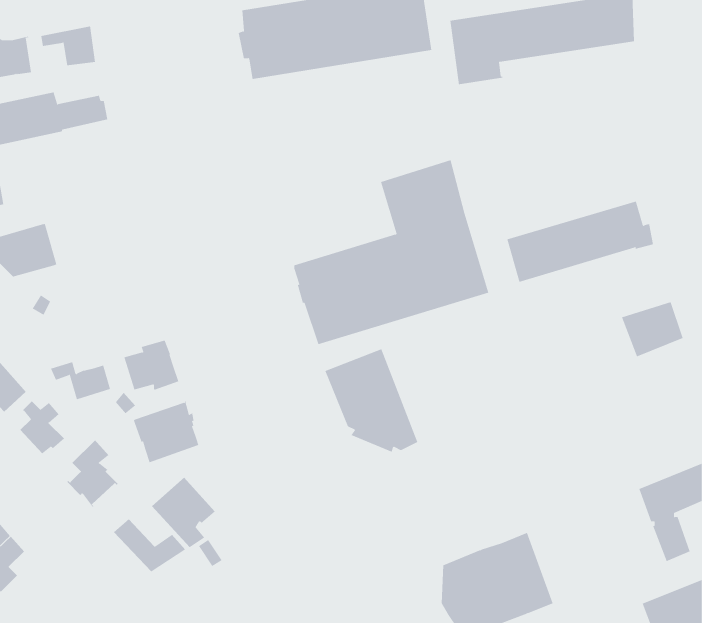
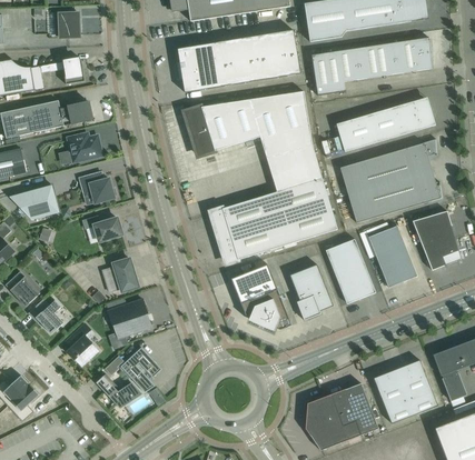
building: none -> [185,91,313,158]
building: none -> [336,99,435,151]
building: none -> [69,133,101,159]
building: none -> [340,138,437,194]
building: none -> [80,172,116,202]
building: none -> [413,210,454,244]
building: none -> [368,224,417,286]
building: none -> [326,238,376,303]
building: none -> [289,263,333,320]
building: [50,361,111,401] -> [82,216,121,241]
building: none -> [374,359,437,423]

